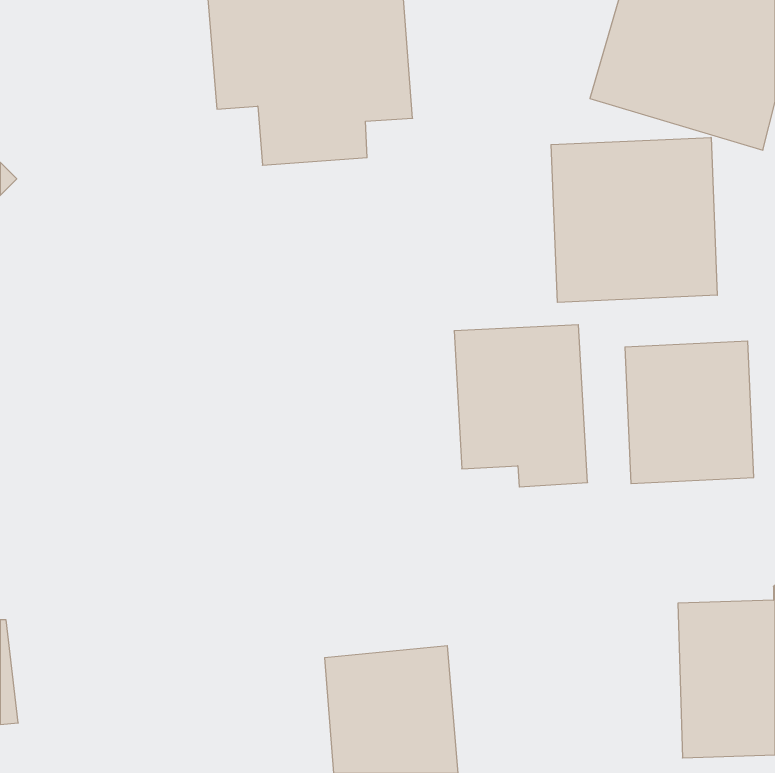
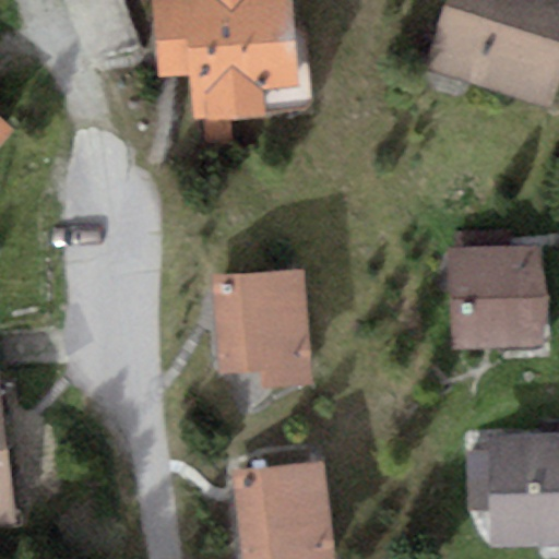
building: [551,137,717,302] -> none
building: [454,325,588,487] -> [214,270,310,386]

